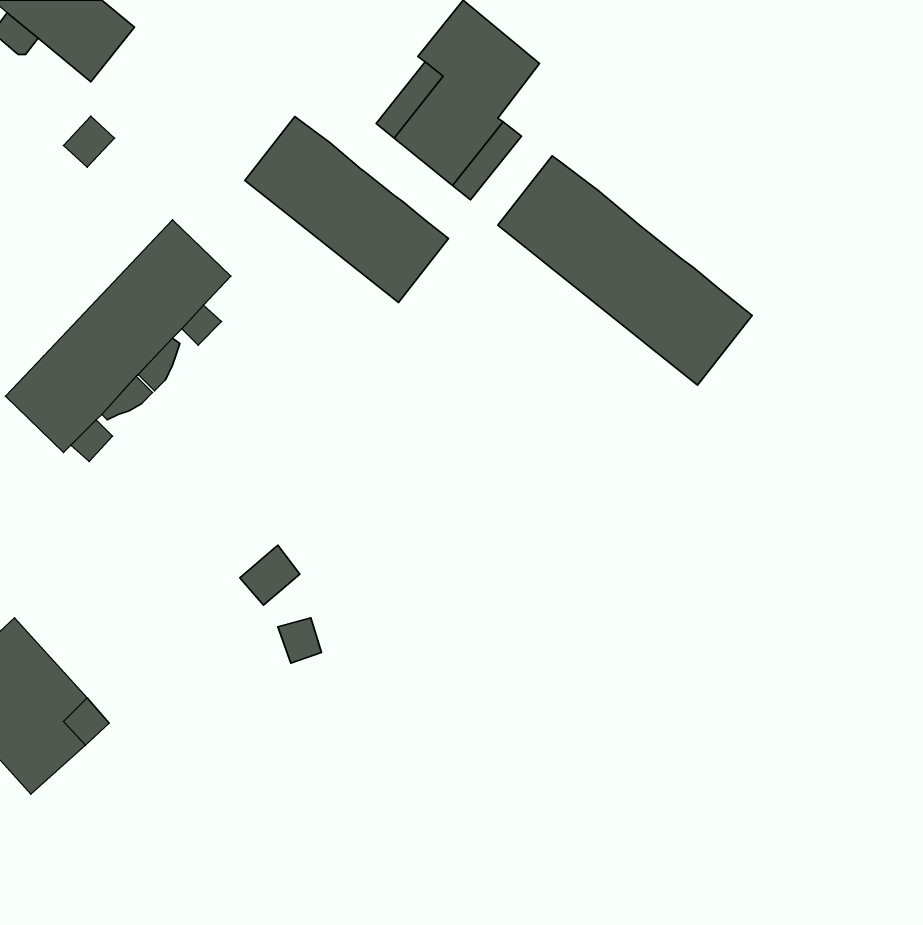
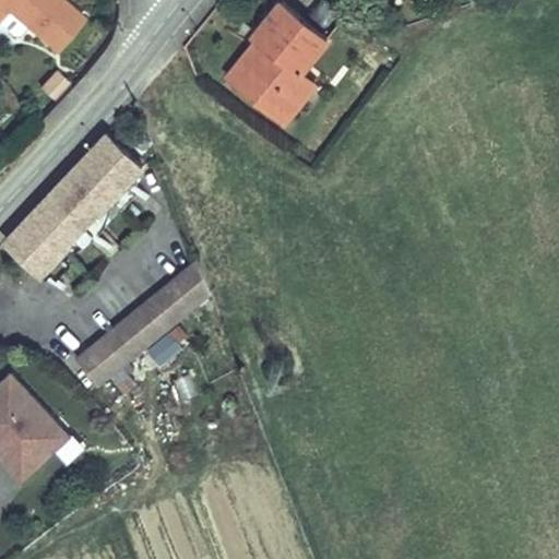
building: [245,117,448,303] -> none
building: [498,156,752,385] -> none
building: none -> [73,261,209,384]

